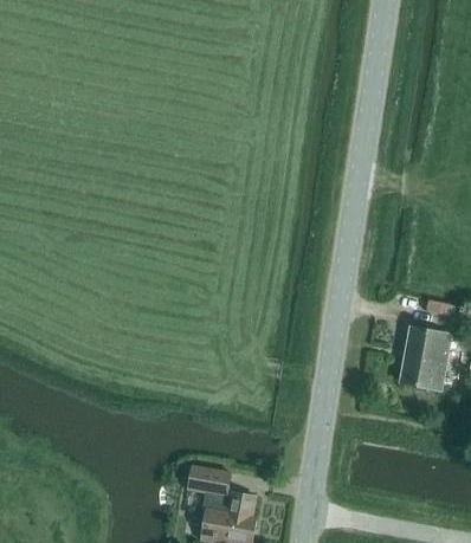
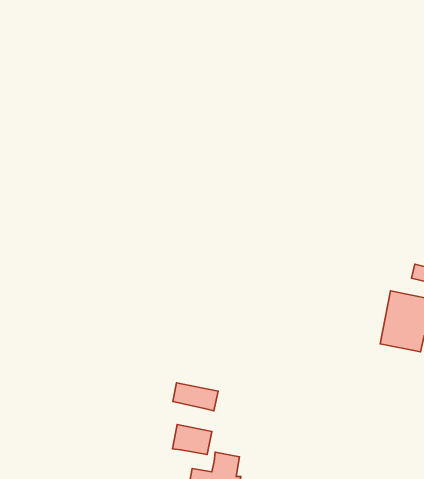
building: none -> [173,383,218,411]

